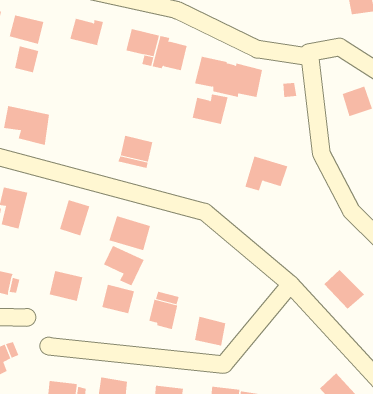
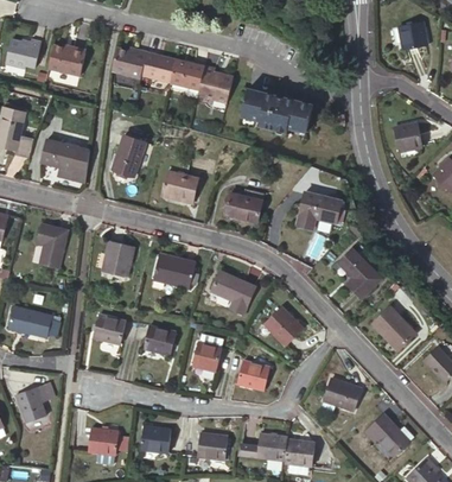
building: none -> [140,52,174,82]
building: [15,45,39,73] -> none
building: [192,94,228,125] -> [224,190,262,222]
building: none -> [113,135,142,175]
building: none -> [339,249,381,297]
building: [103,245,144,286] -> [211,269,254,312]
building: none -> [266,306,303,343]
building: none -> [325,379,361,410]

